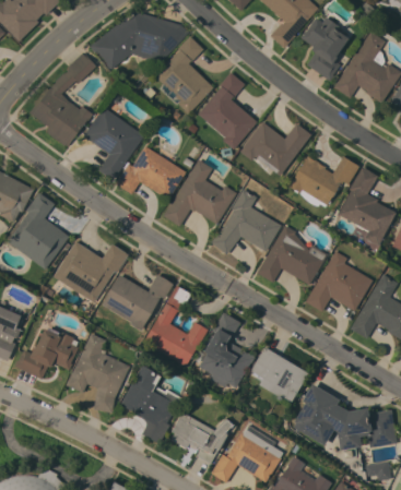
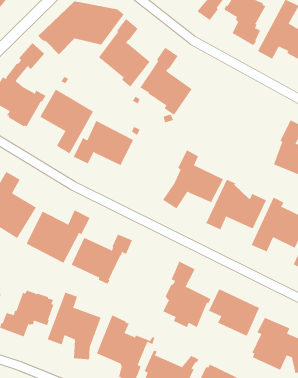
building: [240,122,311,176] -> none
building: [287,156,359,207] -> none
building: [163,159,236,227] -> none
building: [143,286,208,367] -> none

